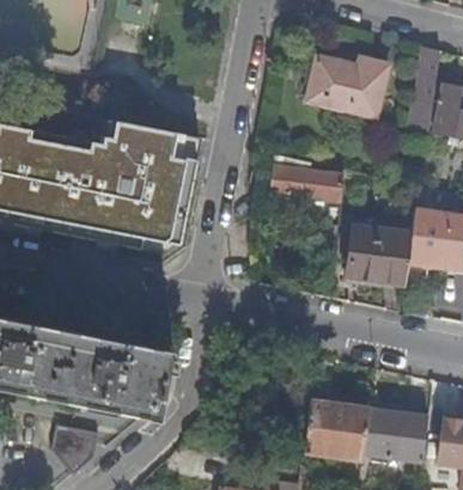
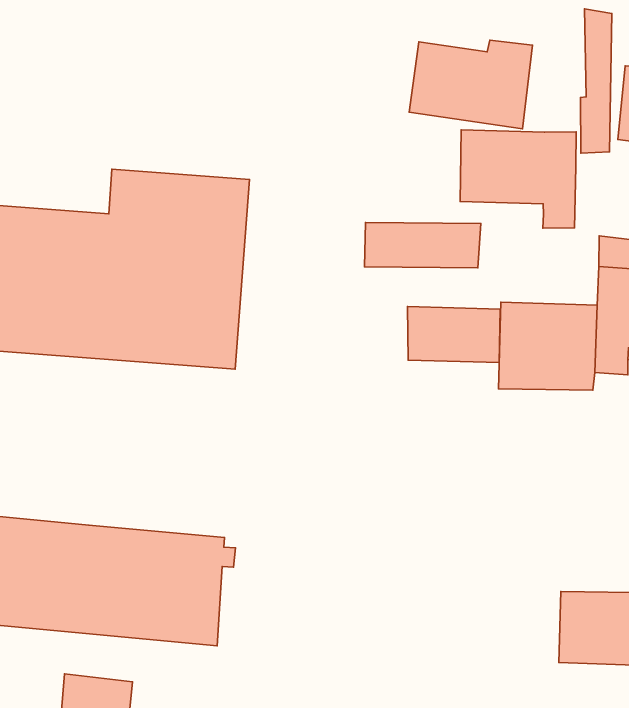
building: none -> [460,130,576,228]
building: none -> [408,307,500,362]
building: [301,399,368,459] -> none

